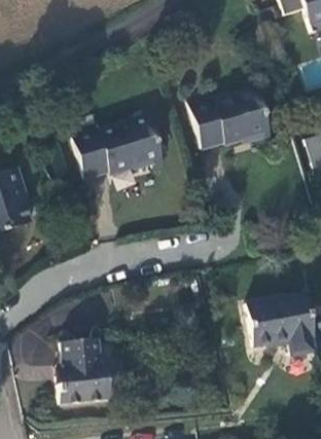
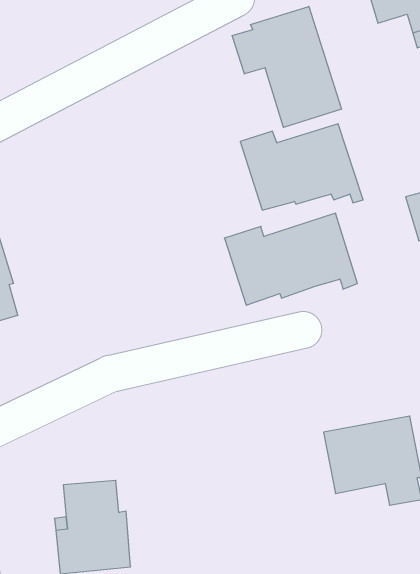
building: none -> [232,6,342,127]
building: [72,114,166,179] -> [224,213,357,305]

